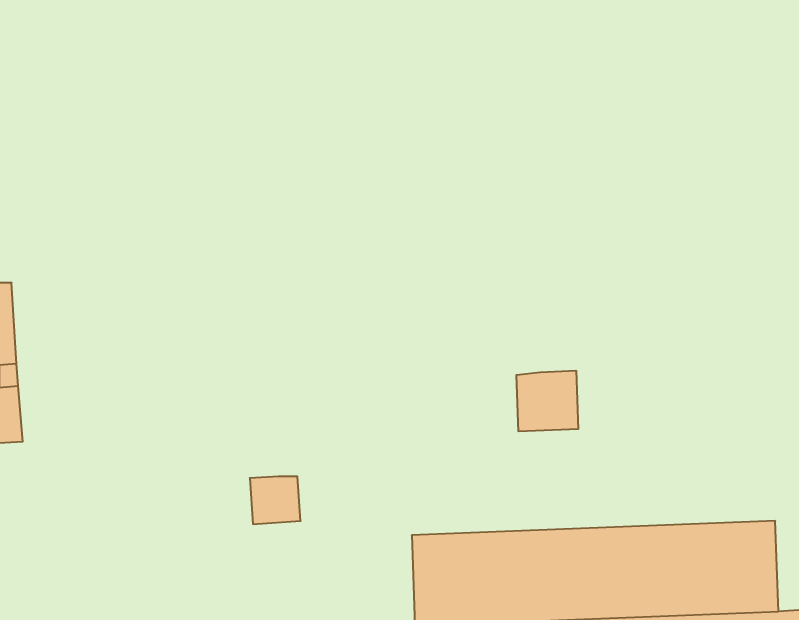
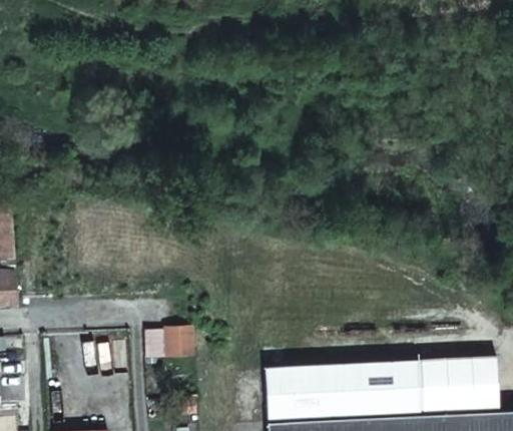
building: [516,371,578,431] -> none

